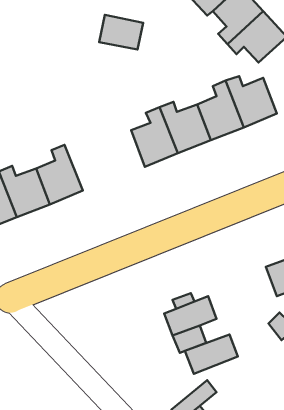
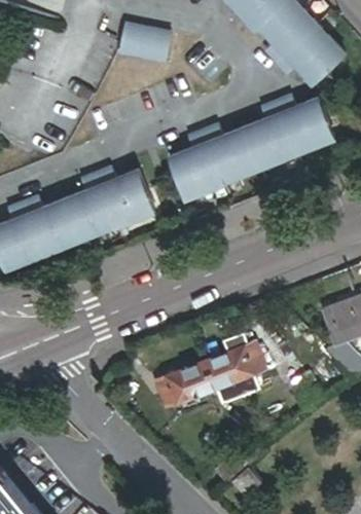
building: none -> [95,169,152,226]
building: [185,334,238,374] -> [156,364,216,408]

